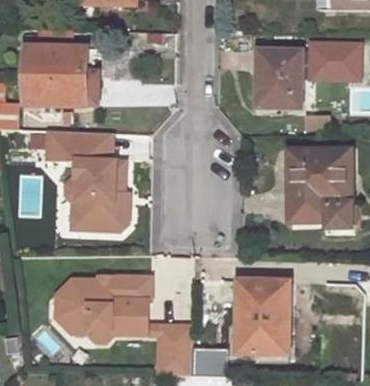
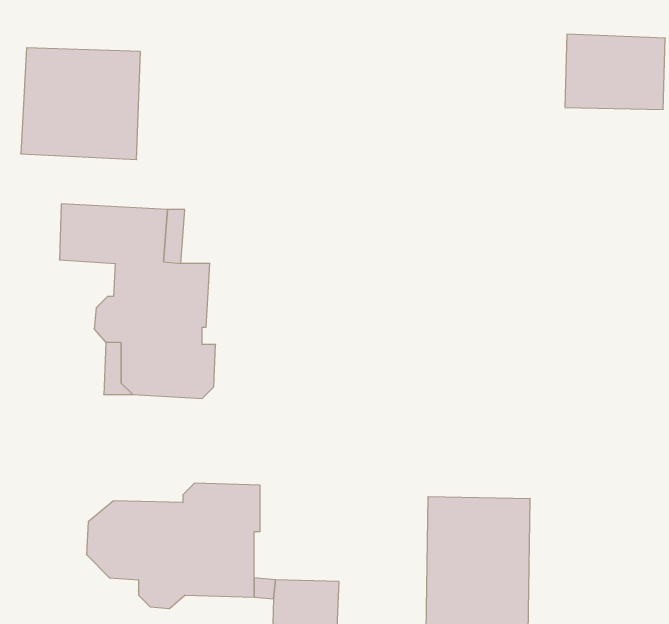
building: [257,50,303,108] -> none
building: [289,151,353,225] -> none
building: [54,274,110,330] -> none

